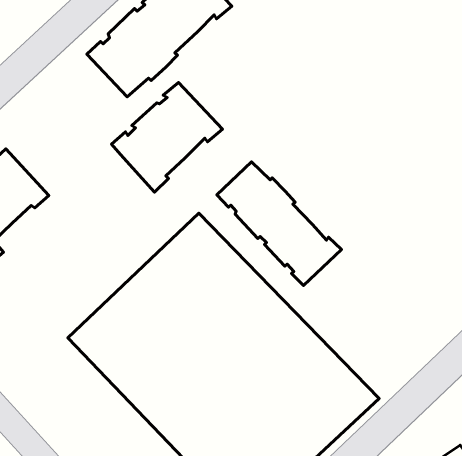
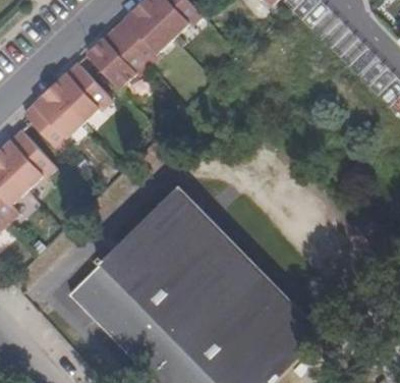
building: [112,83,223,192] -> [21,64,111,153]
building: [217,162,342,286] -> none

